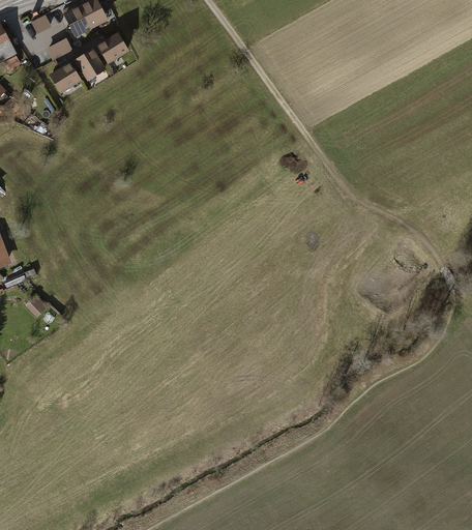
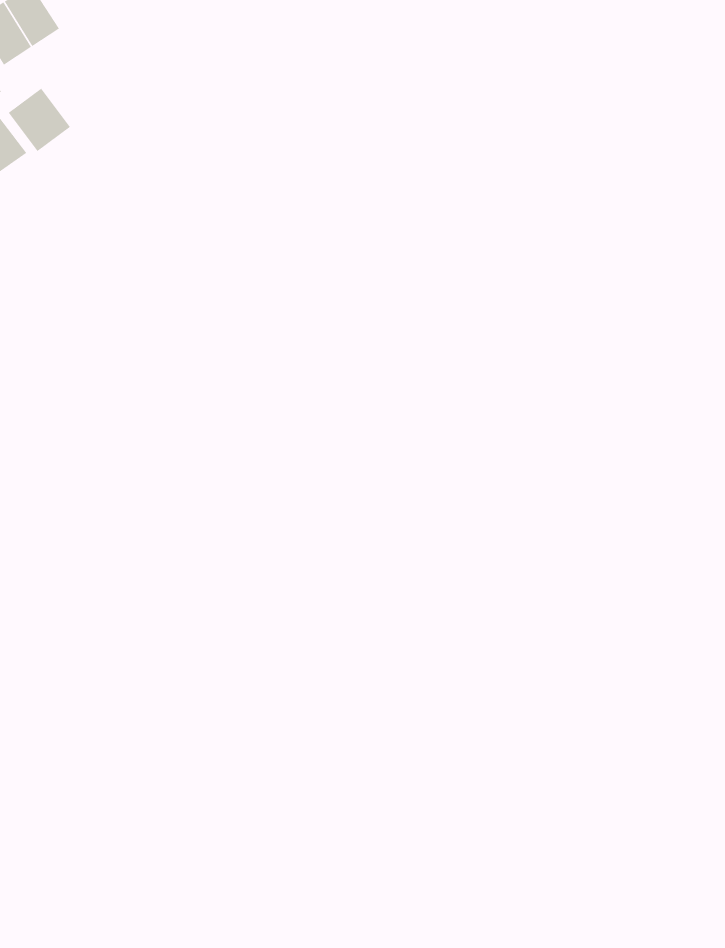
building: [95,32,128,64] -> none

